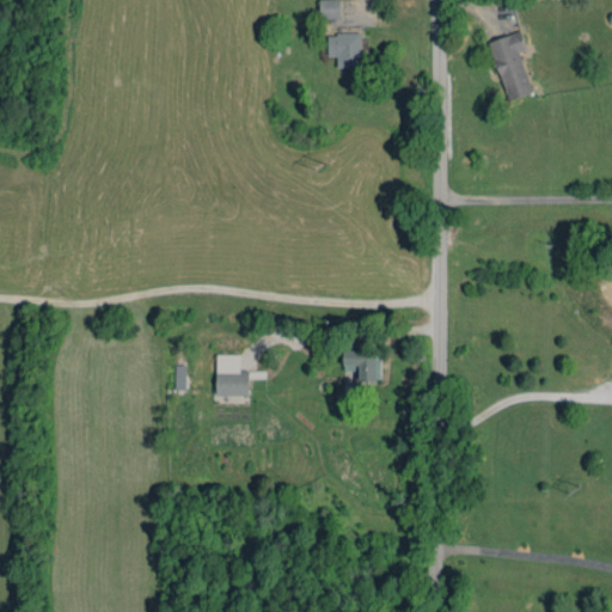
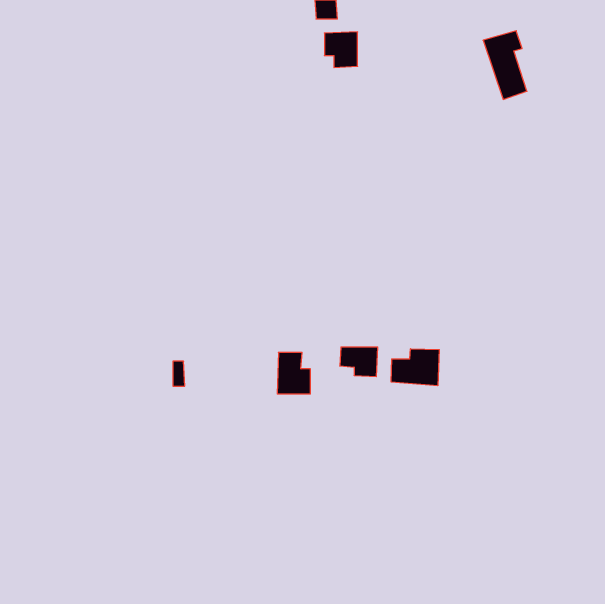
building: none -> [391,349,439,386]
building: [215,355,249,397] -> [277,352,310,394]

